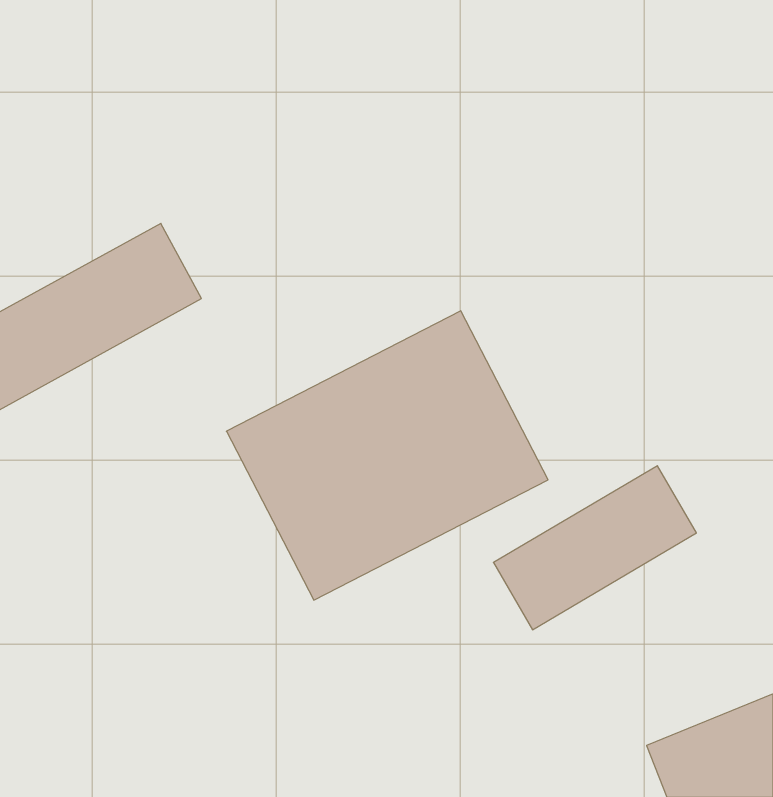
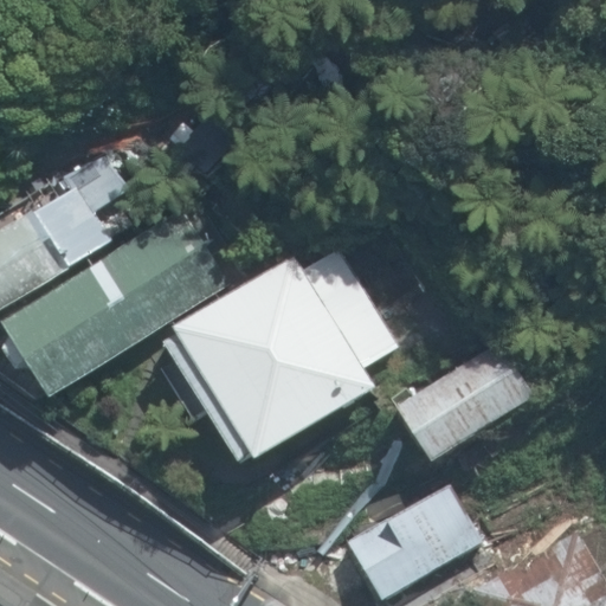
building: none -> [19,200,259,383]
building: none -> [367,471,511,594]

